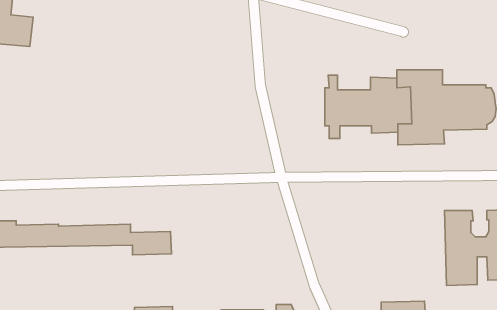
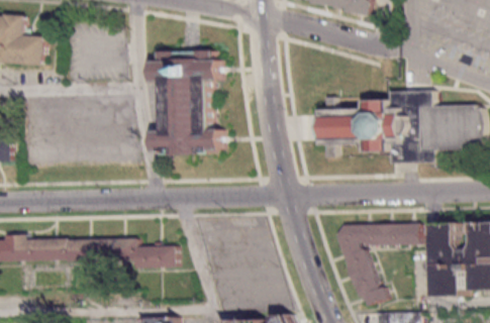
building: none -> [153,52,224,157]
building: none -> [336,221,422,304]

